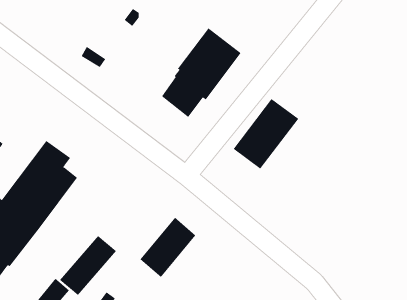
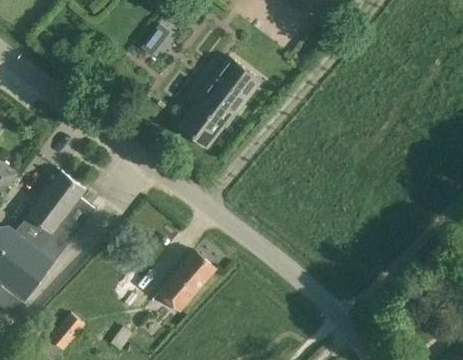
building: [233,98,299,169] -> none
building: [59,235,117,296] -> none

